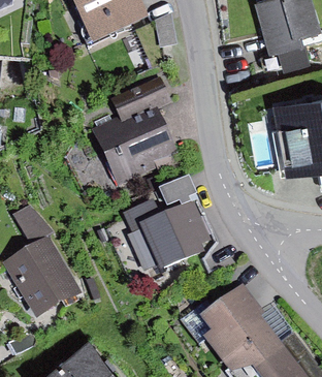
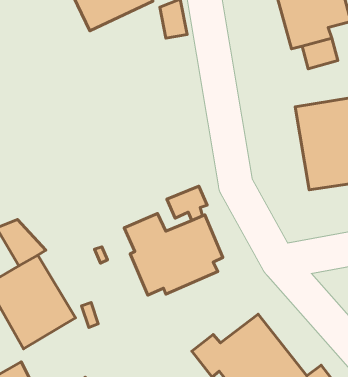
building: [92,75,180,186] -> none

